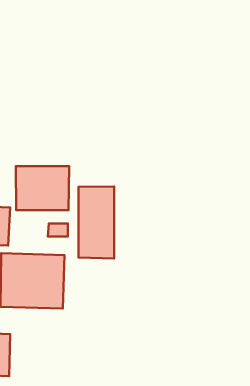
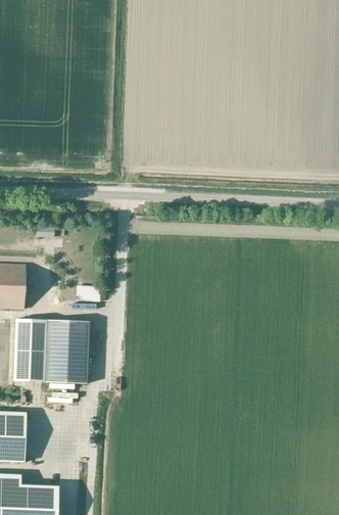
building: [16,166,69,210] -> none
building: [78,187,114,258] -> none

